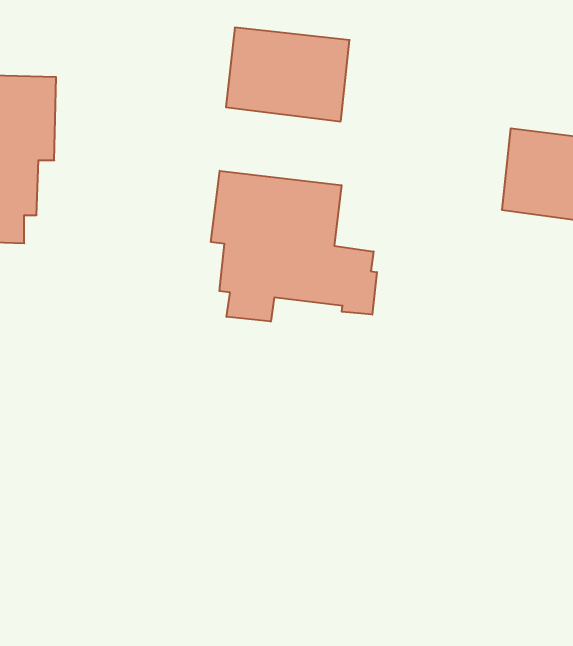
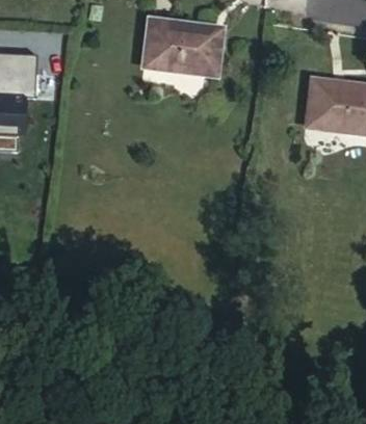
building: [211,171,377,322] -> none

